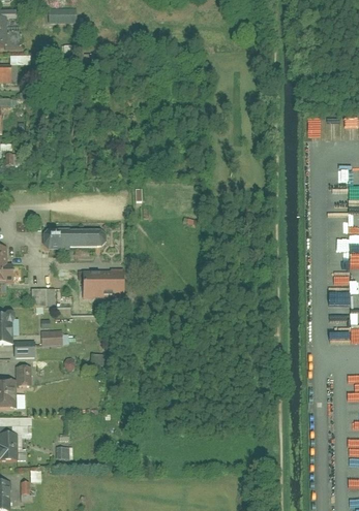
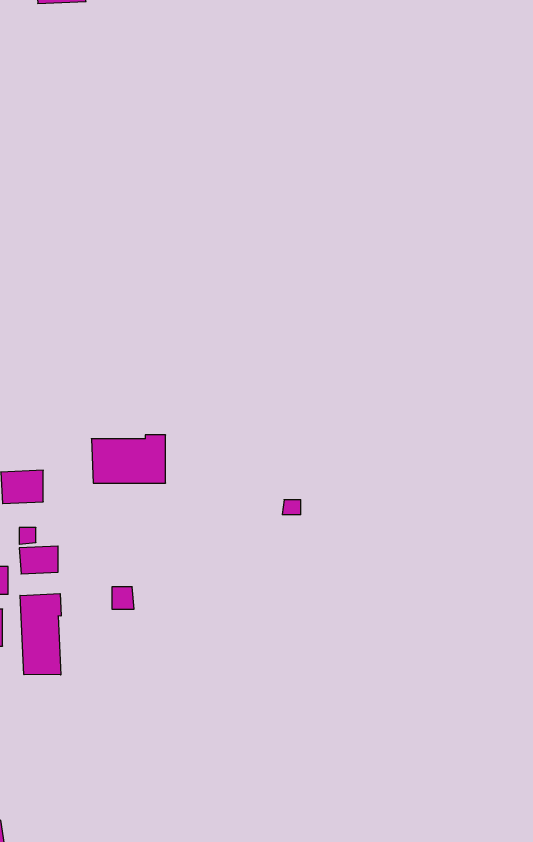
building: [46,227,103,248] -> none
building: none -> [20,594,61,675]

